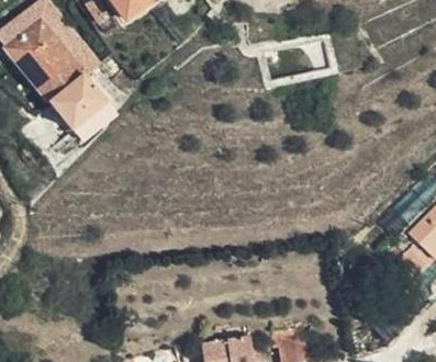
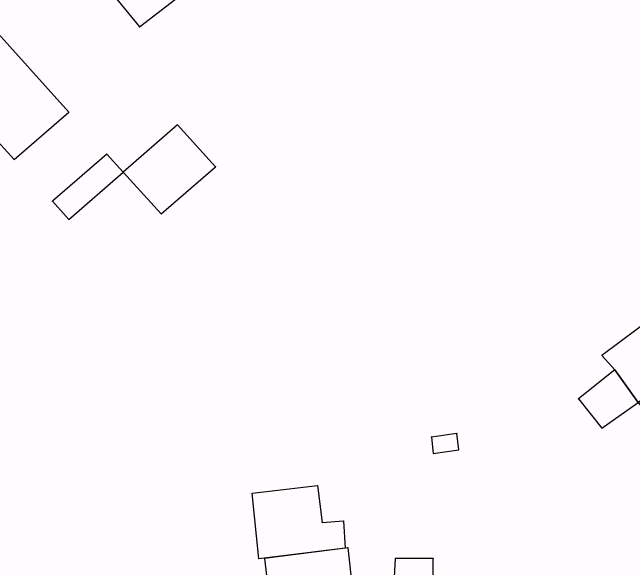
building: [51,70,107,124] -> [123,125,216,214]
building: none -> [252,486,345,559]

